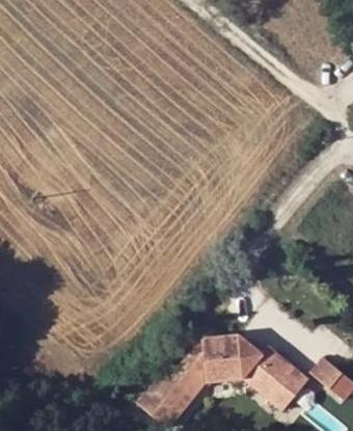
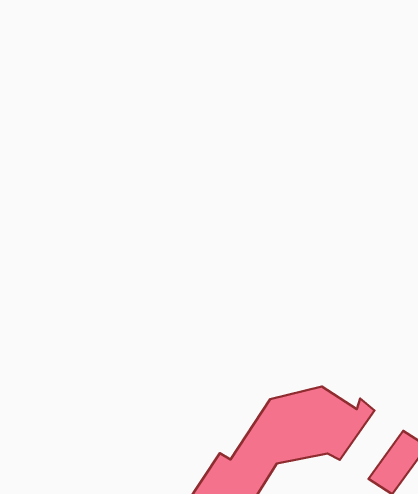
building: [249,351,296,399] -> none

